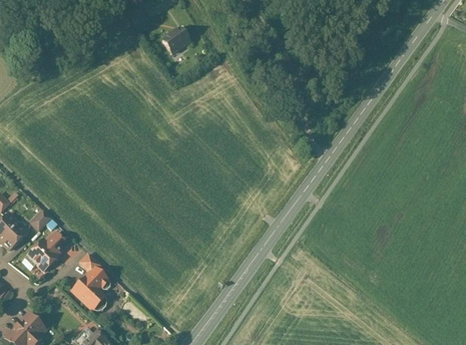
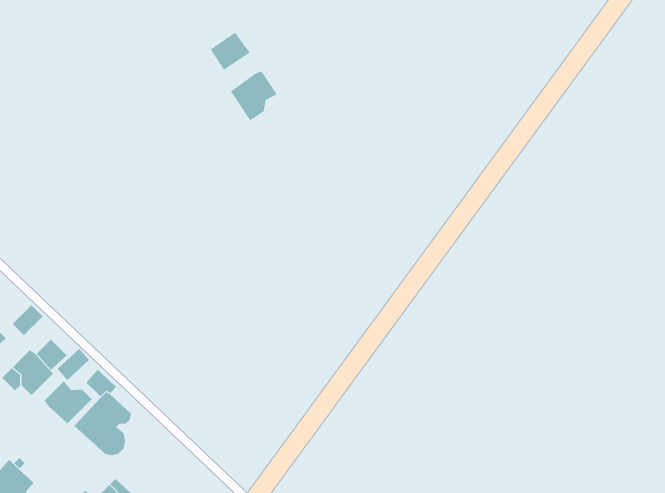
building: none -> [230,70,278,121]
building: none -> [44,380,93,424]

